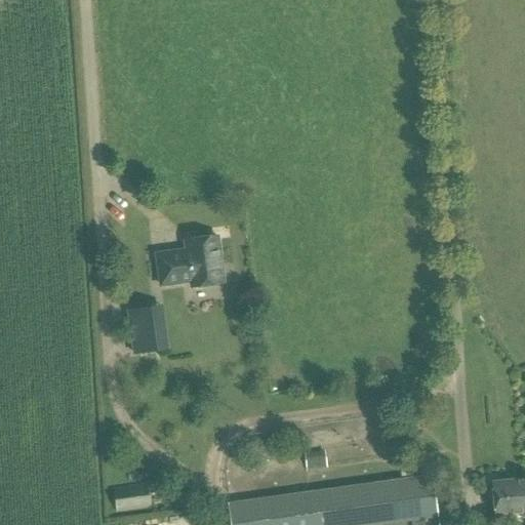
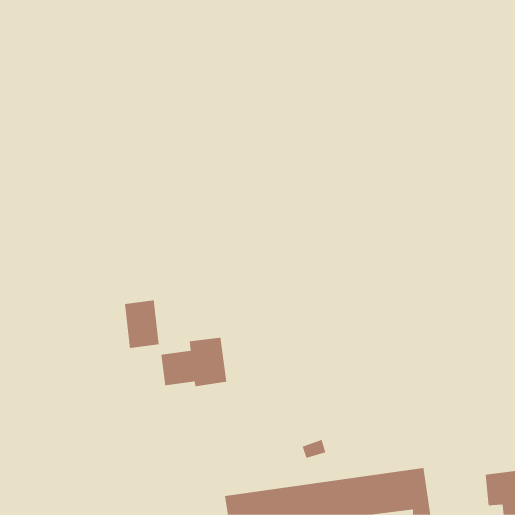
building: [157,236,225,286] -> [161,337,227,387]
building: [114,483,150,509] -> none

